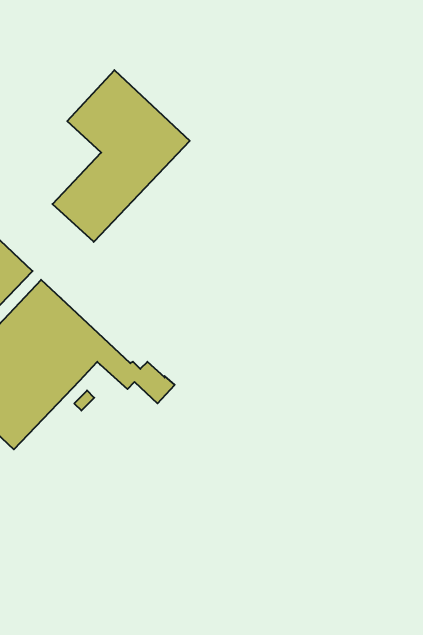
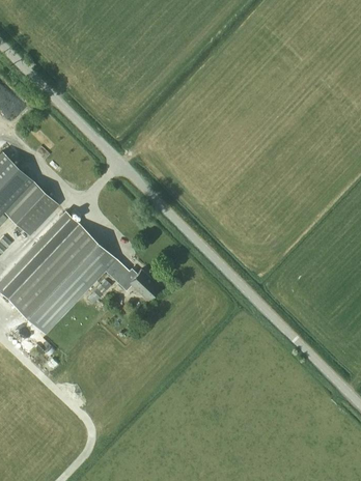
building: [52,70,190,242] -> none

